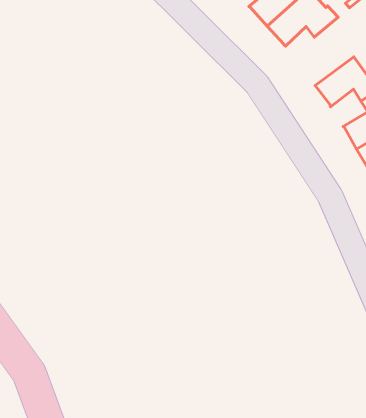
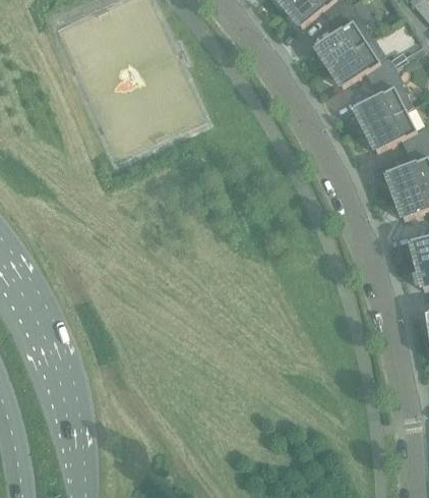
building: none -> [353,67,411,128]

